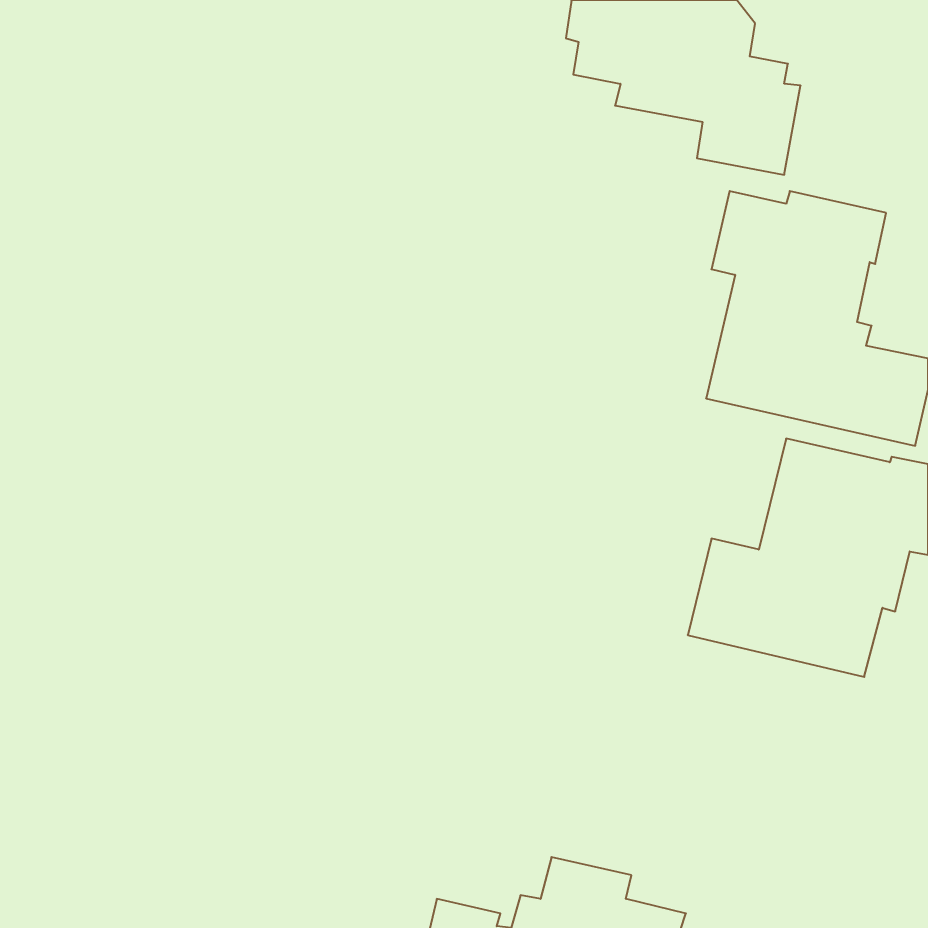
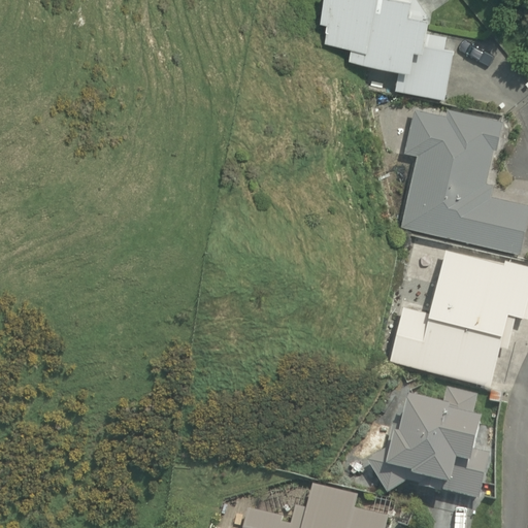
building: none -> [373,394,485,496]

